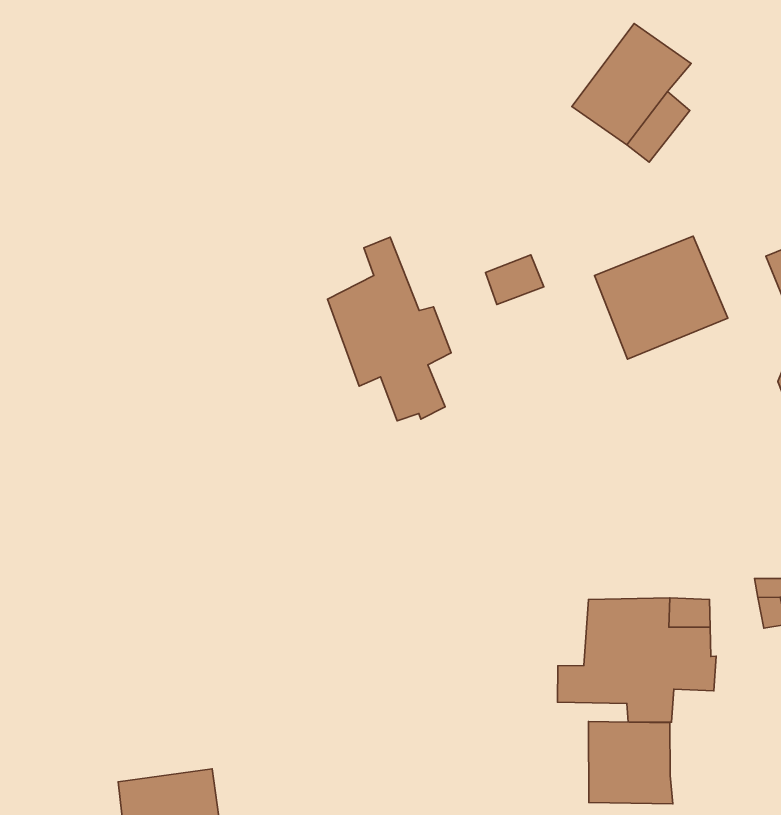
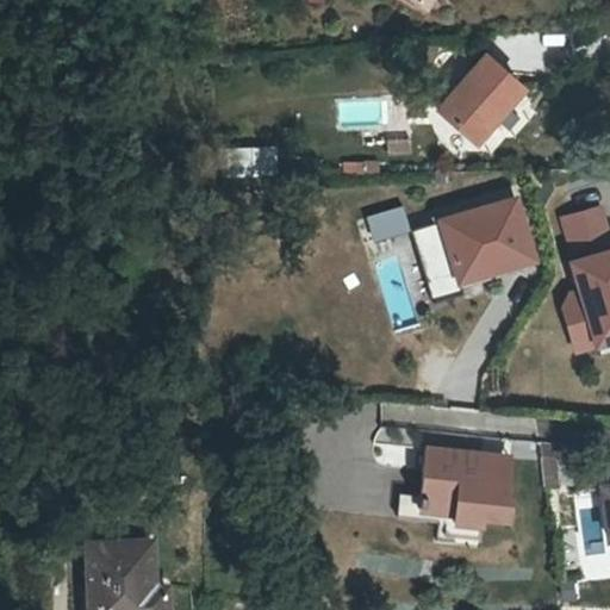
building: [327,237,451,421] -> none
building: none -> [417,224,463,292]
building: [588,722,673,804] -> none

